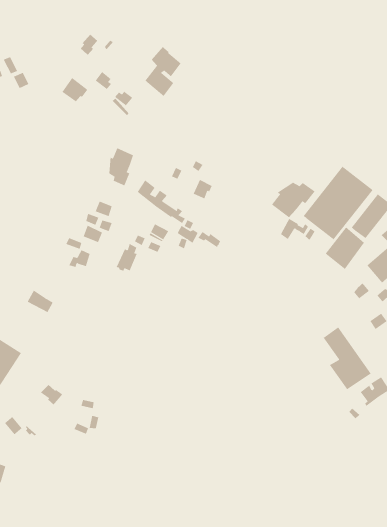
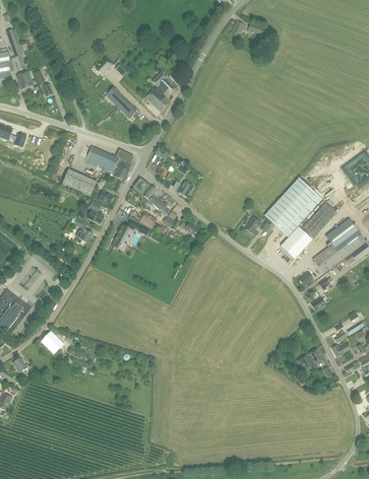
building: none -> [84,145,113,170]
building: none -> [61,167,96,195]
building: [271,182,315,218] -> none
building: [323,326,372,390] -> none

